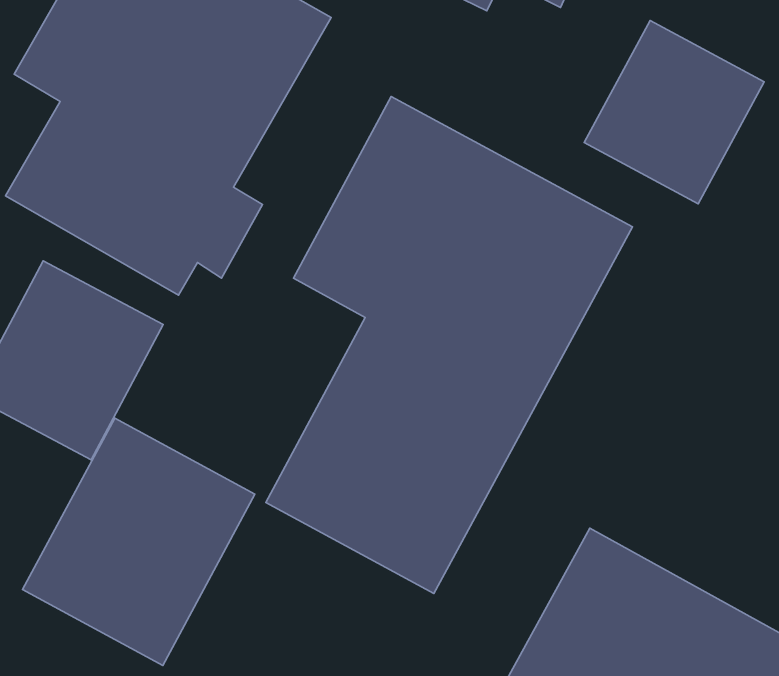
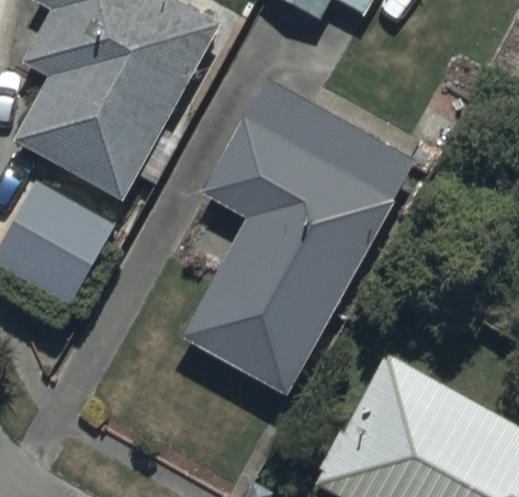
building: [584,20,764,204] -> none
building: [23,418,255,665] -> none

